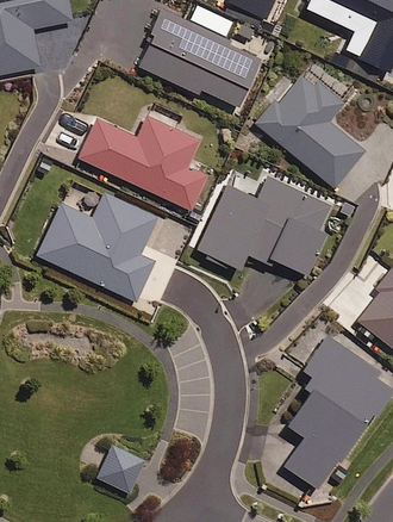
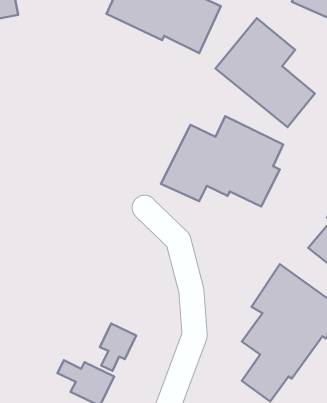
building: [80,116,207,211] -> none
building: [38,193,157,302] -> none
building: none -> [100,324,136,371]

